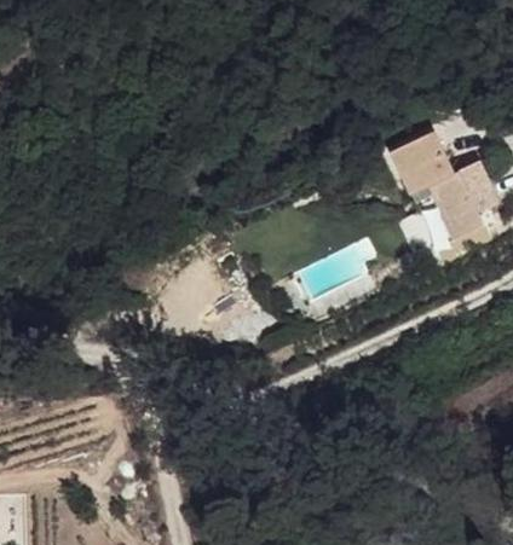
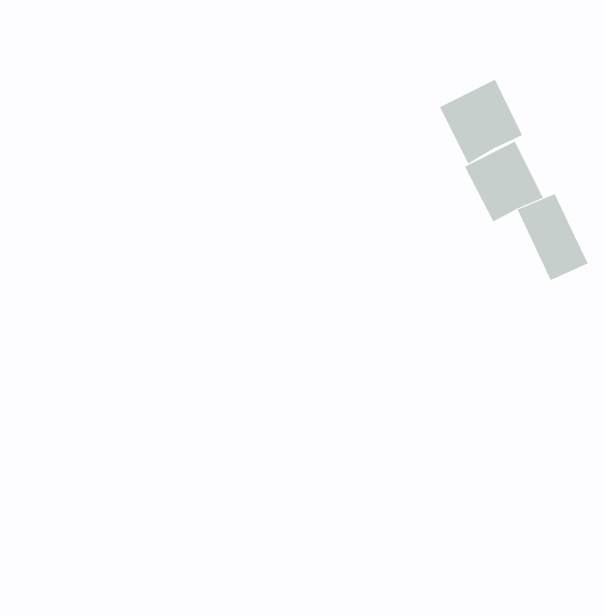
building: none -> [439,79,523,165]

